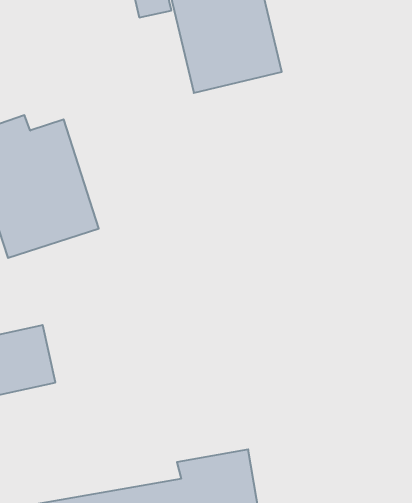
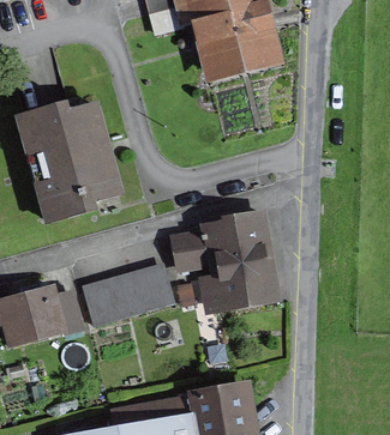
building: none -> [179,207,280,307]
building: none -> [88,264,178,327]

